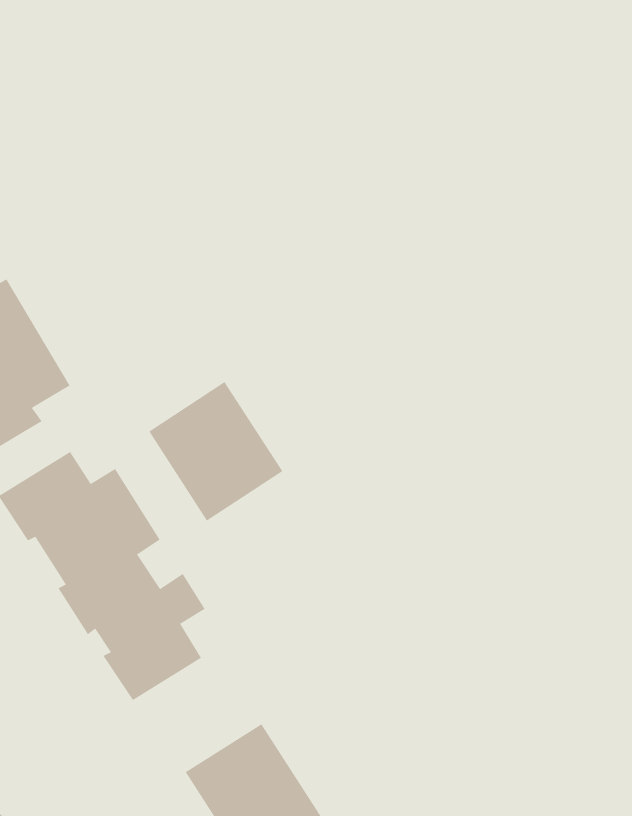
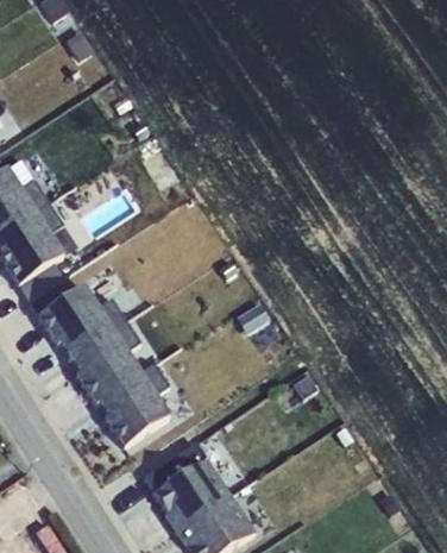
building: [148,381,283,522] -> none

